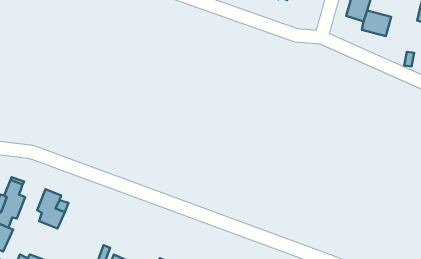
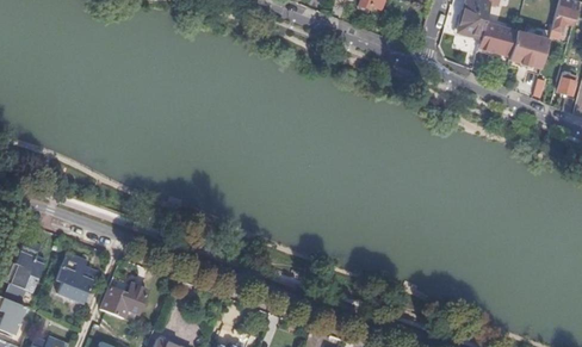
building: none -> [508,31,549,69]
building: none -> [100,284,147,318]

